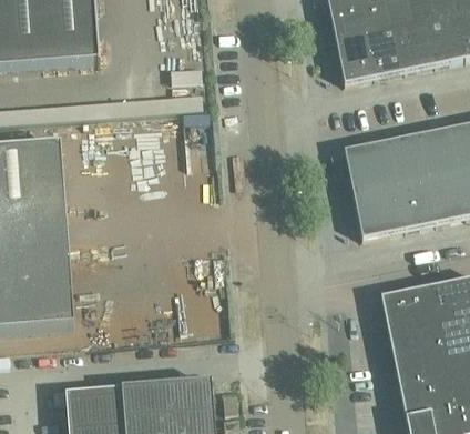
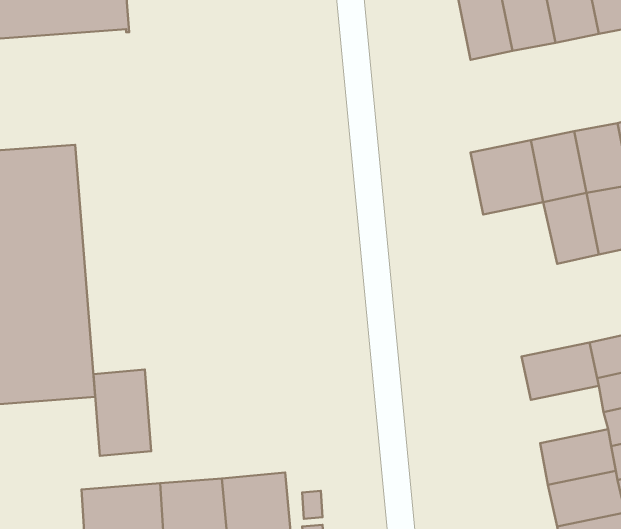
building: [352,182,406,235] -> none
building: none -> [94,370,151,456]
building: [387,314,442,355] -> none

